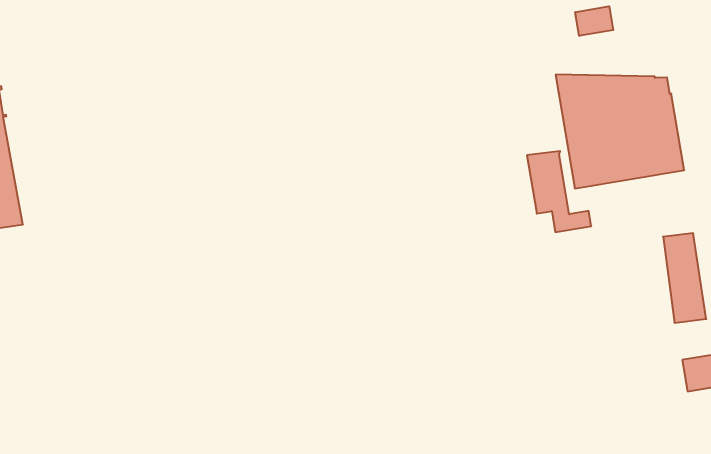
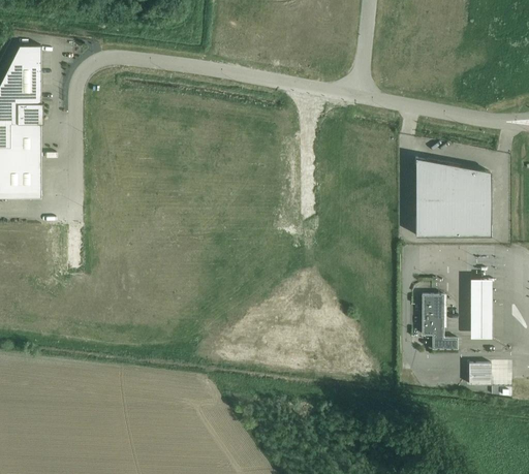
building: [575,6,613,36] -> none
building: [527,151,591,232] -> [422,294,457,349]

